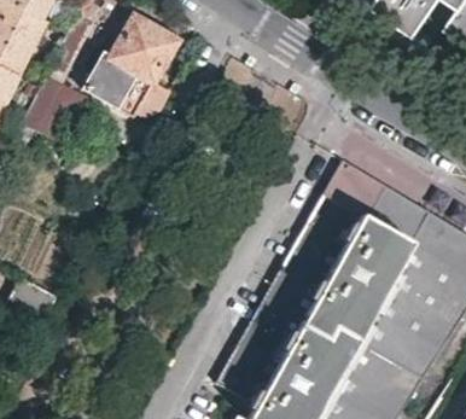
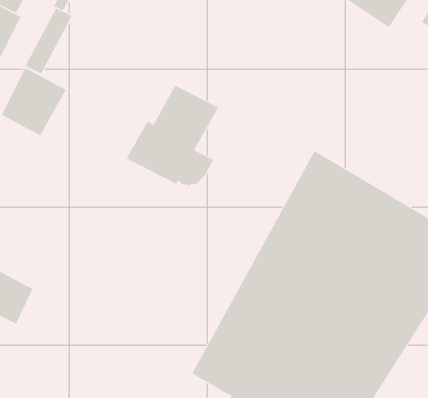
building: [80,17,174,120] -> [126,85,219,186]

